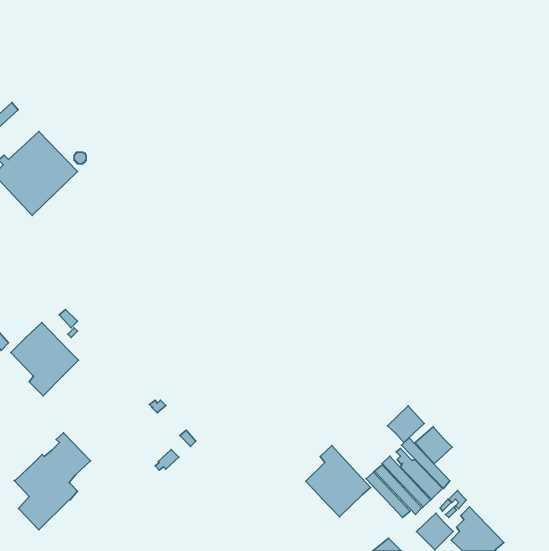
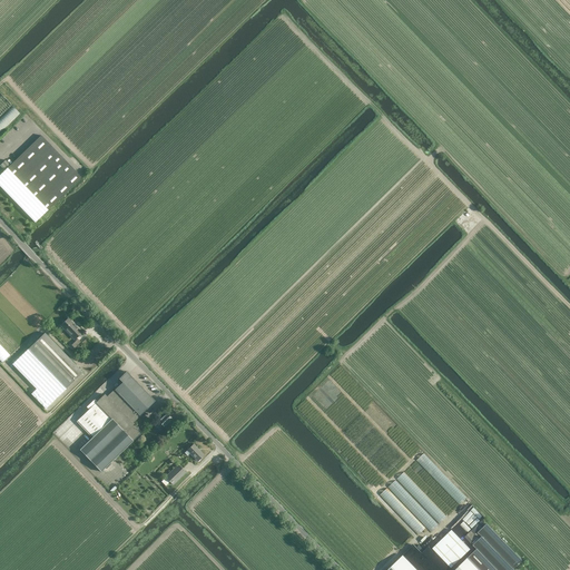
building: [388,406,424,442] -> none
building: [415,427,452,464] -> none
building: [14,433,91,530] -> [75,372,154,472]
building: [306,446,371,517] -> none

